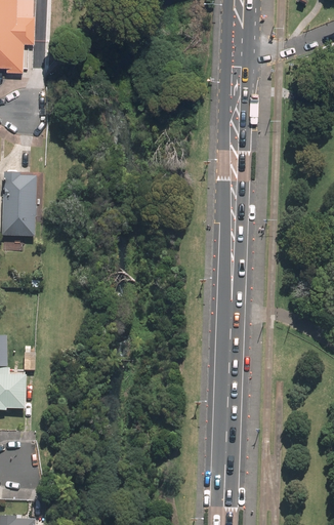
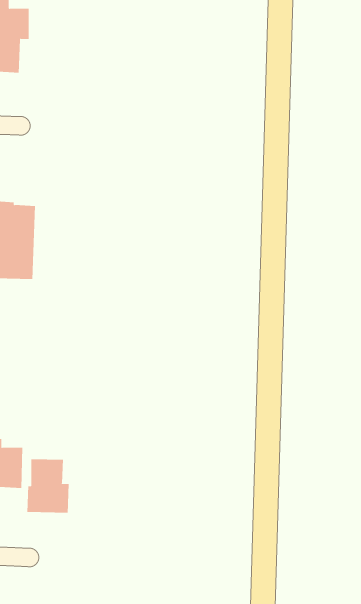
building: none -> [27,459,69,513]

